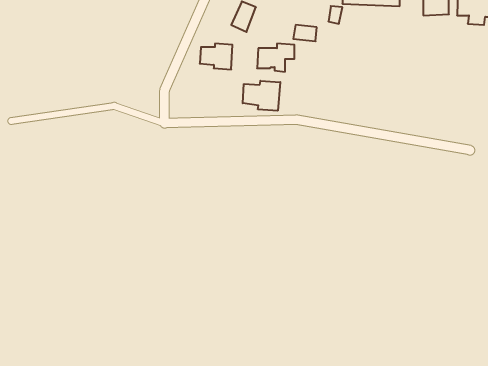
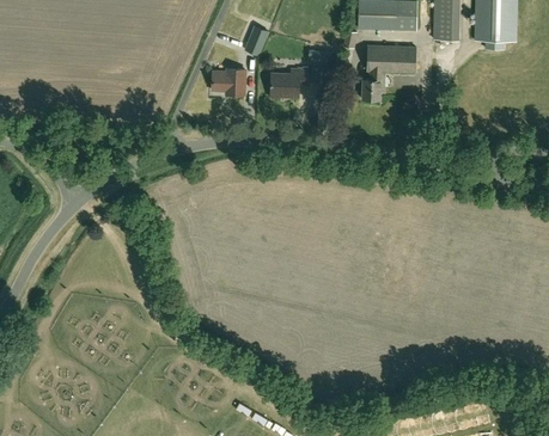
building: none -> [361,47,414,100]
building: [243,81,280,111] -> none

